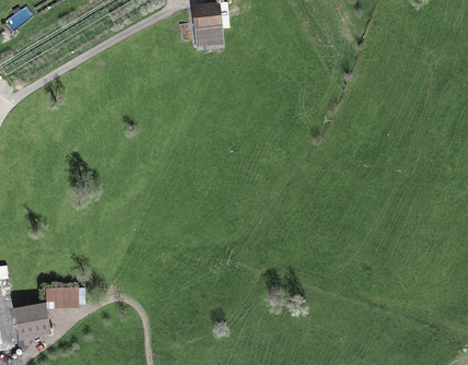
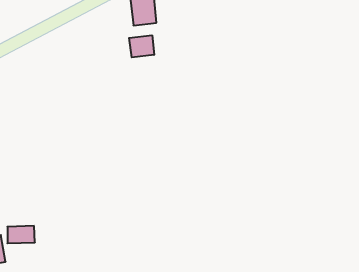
building: none -> [129,35,154,57]

